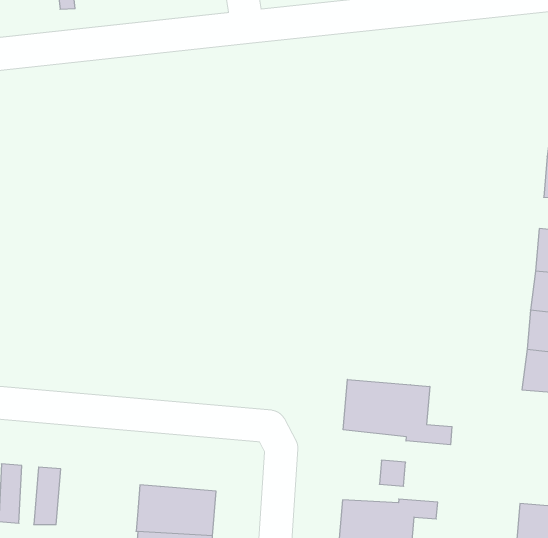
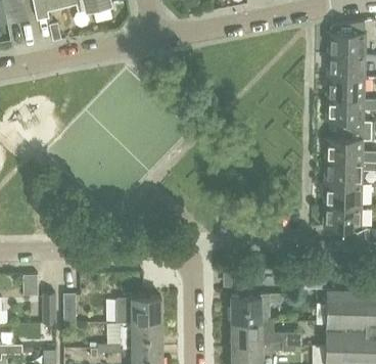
building: [343,379,452,445] -> none

